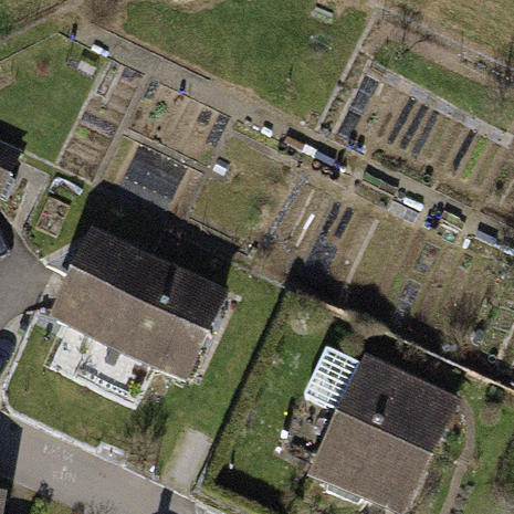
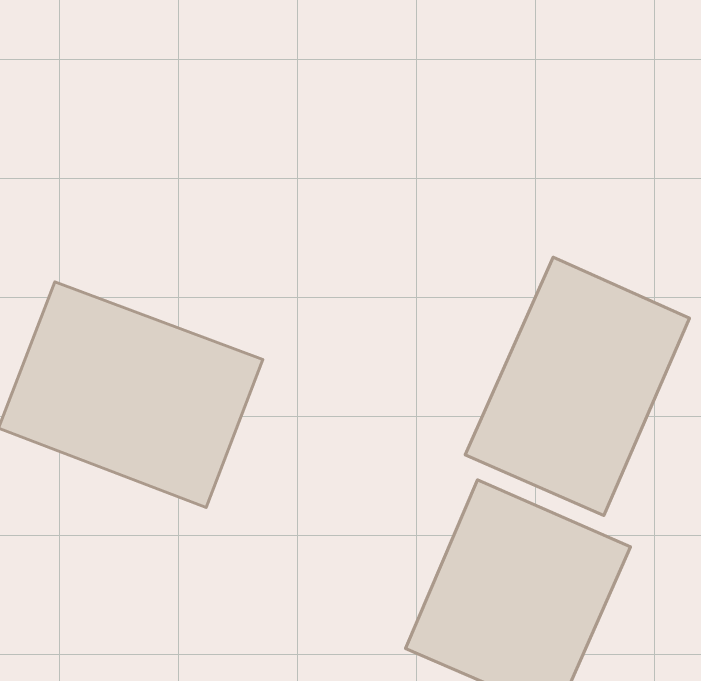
building: none -> [465,257,690,516]

